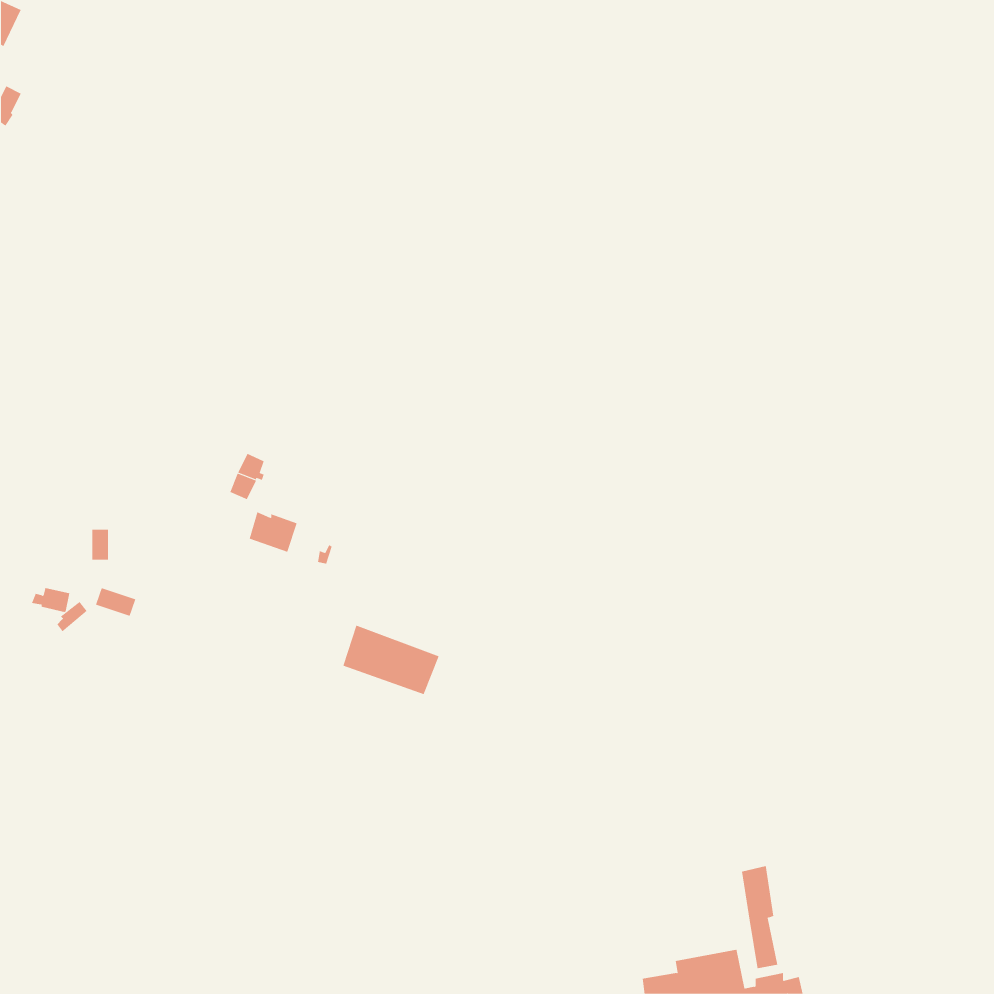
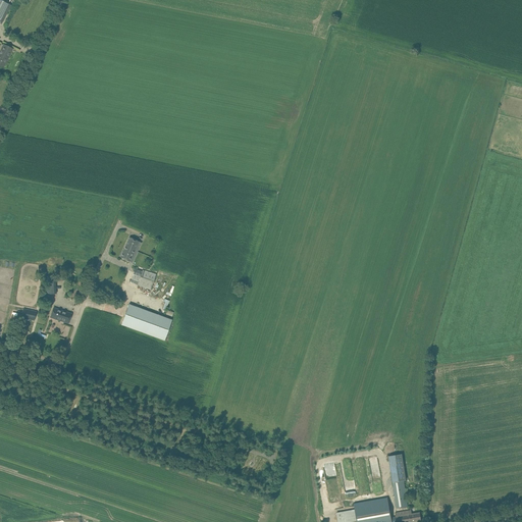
building: [342,625,440,695] -> [121,304,172,341]

